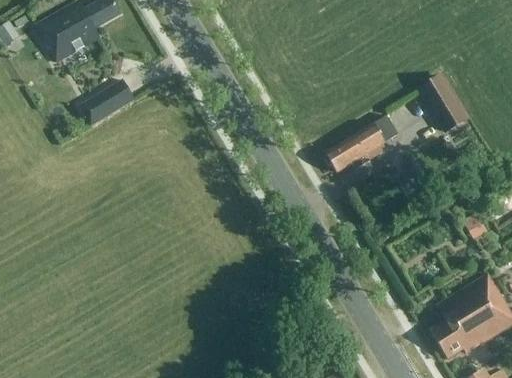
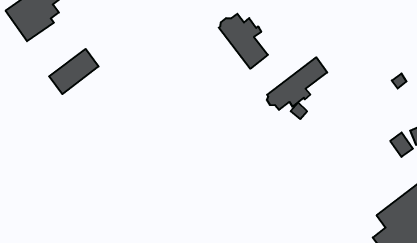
building: none -> [219,14,268,69]
building: [418,72,471,133] -> none

